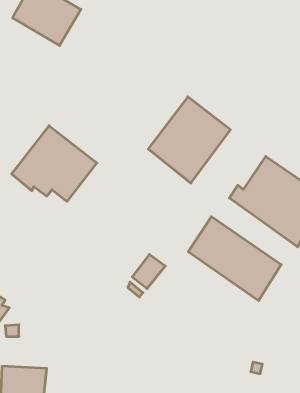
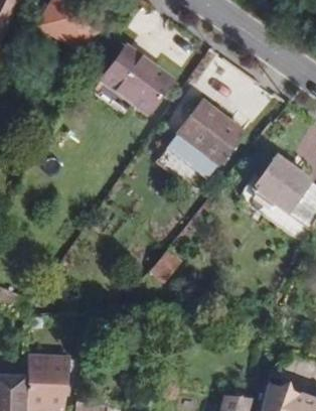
building: [12,126,97,201] -> [93,42,173,114]
building: [188,217,281,301] -> none

